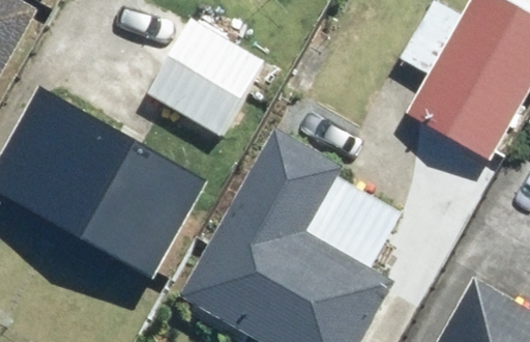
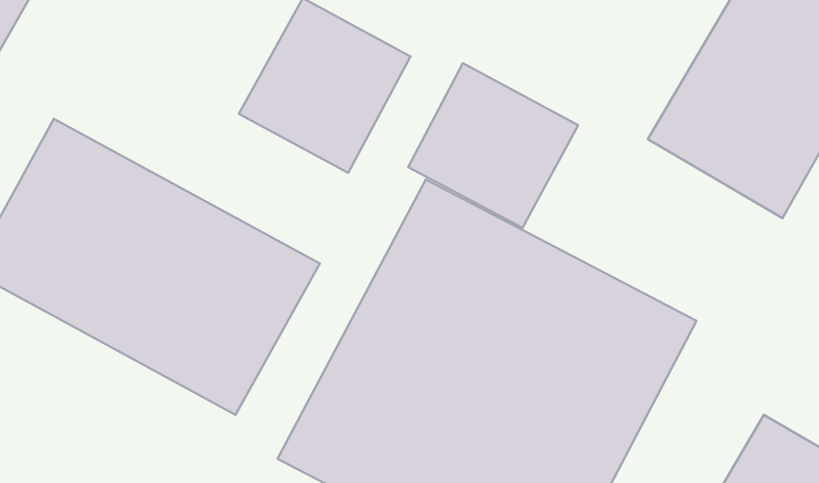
building: none -> [408,63,578,228]

